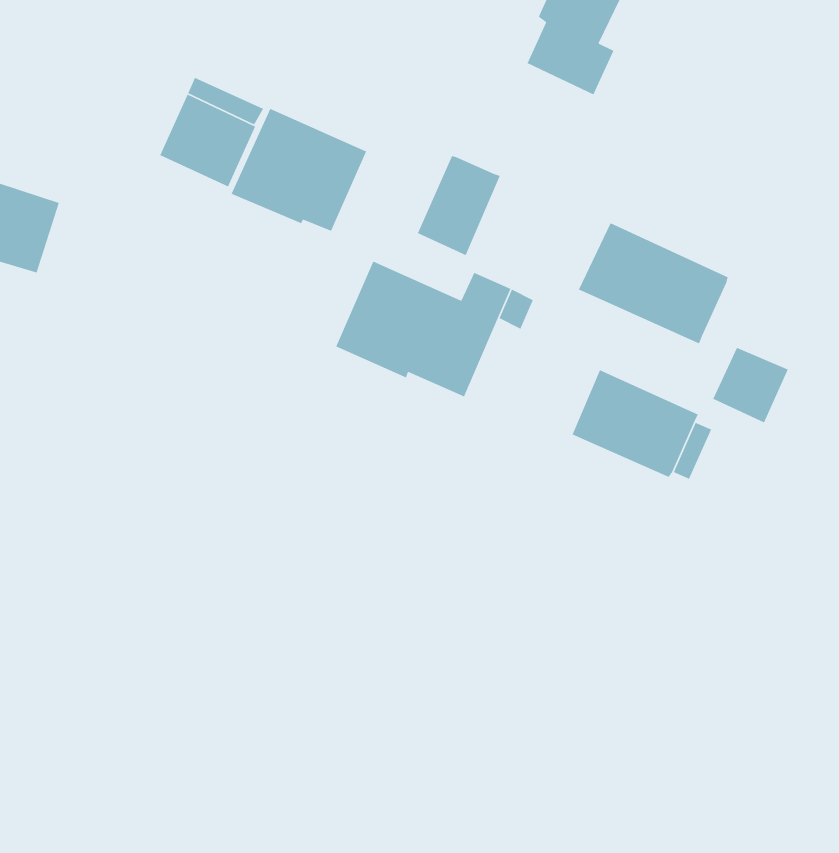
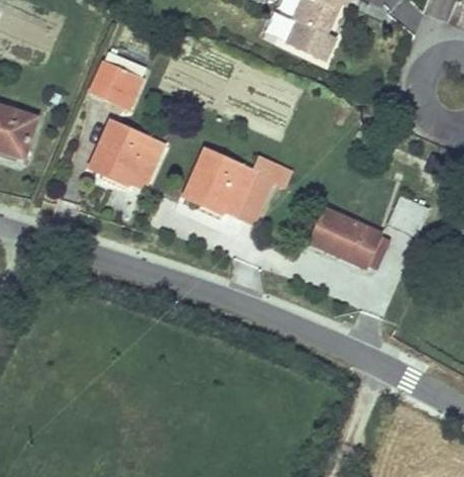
building: [230,108,367,232] -> [89,120,162,187]
building: [417,155,501,256] -> none
building: [578,222,729,344] -> none

